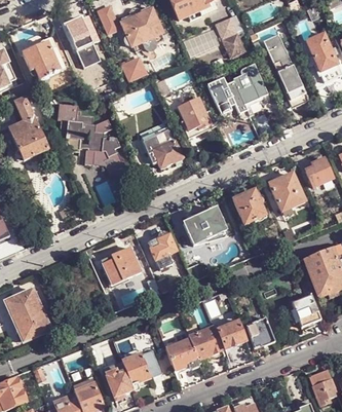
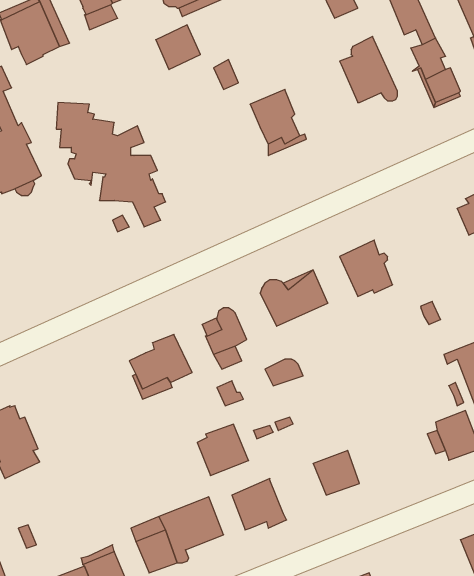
building: [207,78,251,118] -> none
building: [143,128,184,166] -> none
building: [269,174,306,208] -> none
building: [245,316,273,347] -> none
building: [190,327,222,359] -> [197,424,249,476]

